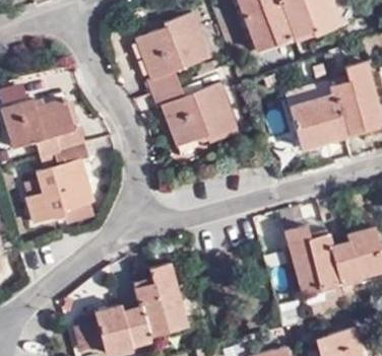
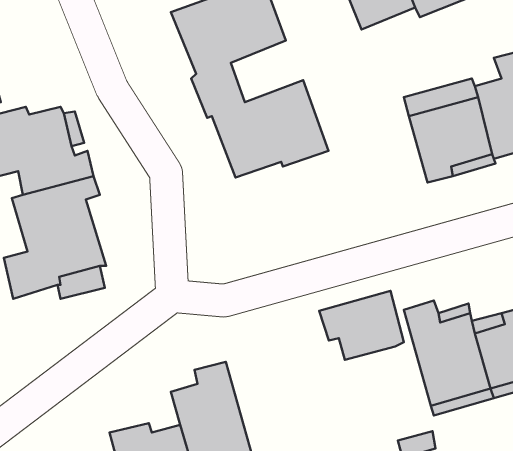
building: none -> [319,291,404,360]

